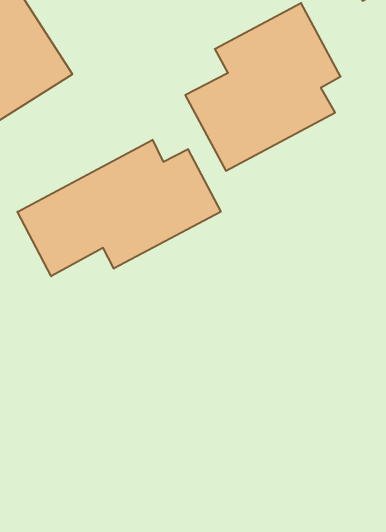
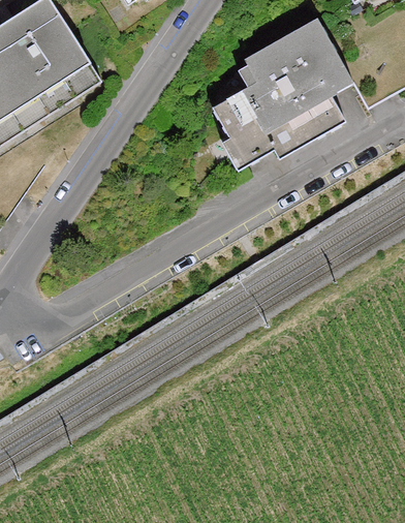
building: [17,140,221,276] -> none

